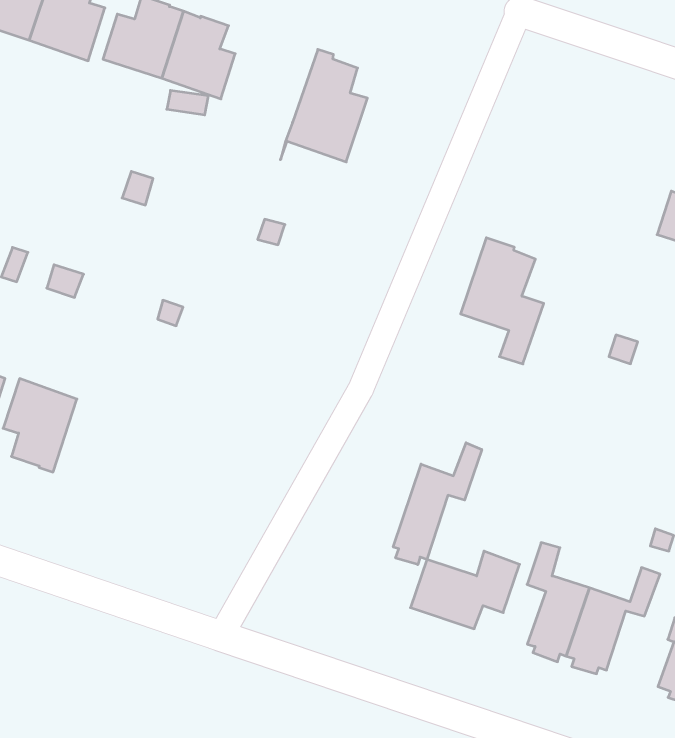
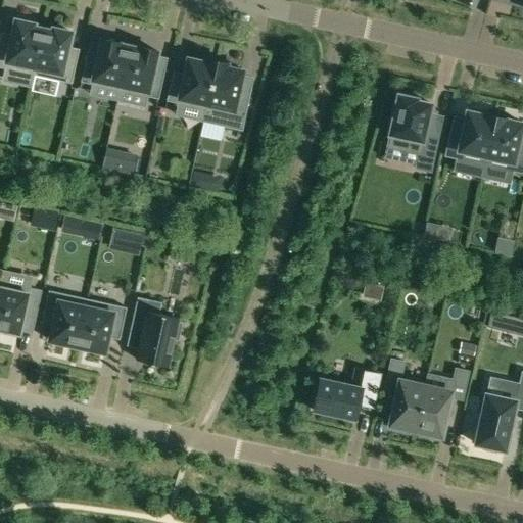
building: none -> [167,58,217,134]
building: [461,238,544,364] -> [387,94,439,172]
building: none -> [77,299,126,352]
building: none -> [130,297,183,367]
building: [393,443,482,565] -> none

